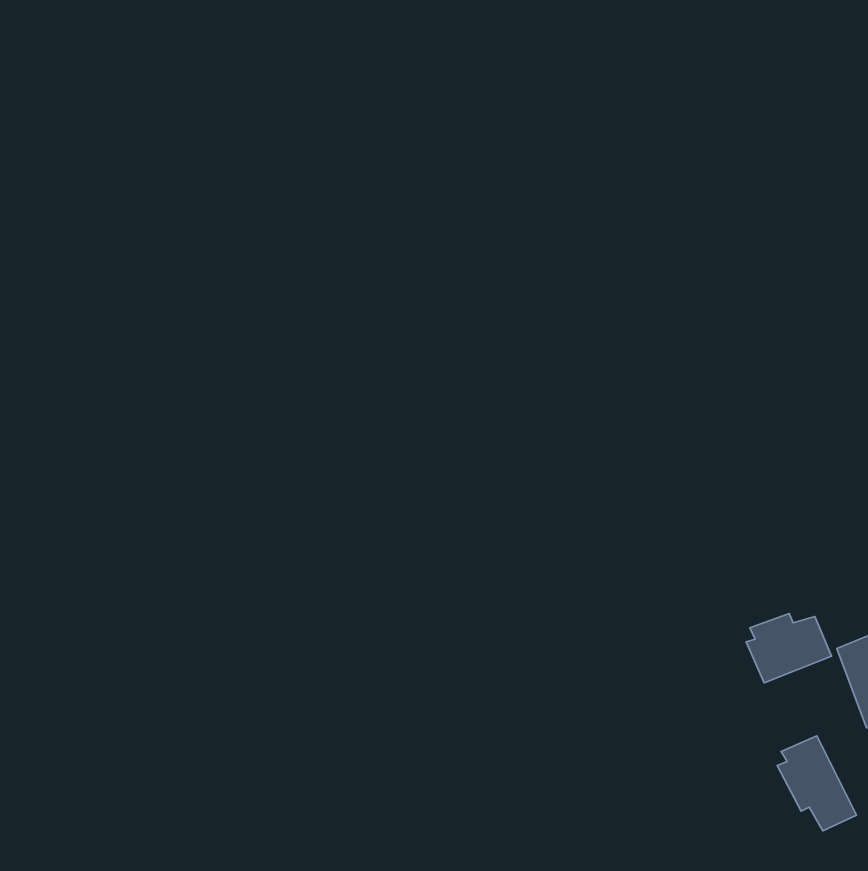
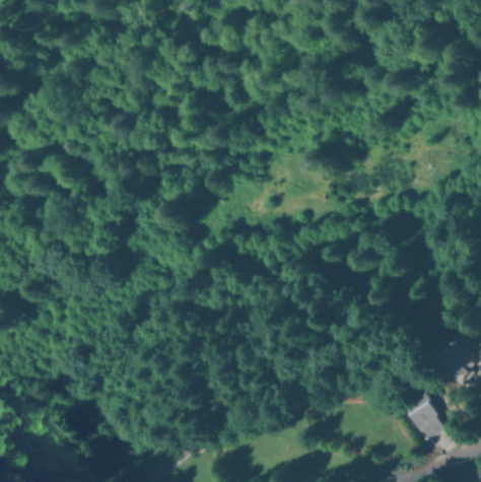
building: [746,613,831,683] -> none

